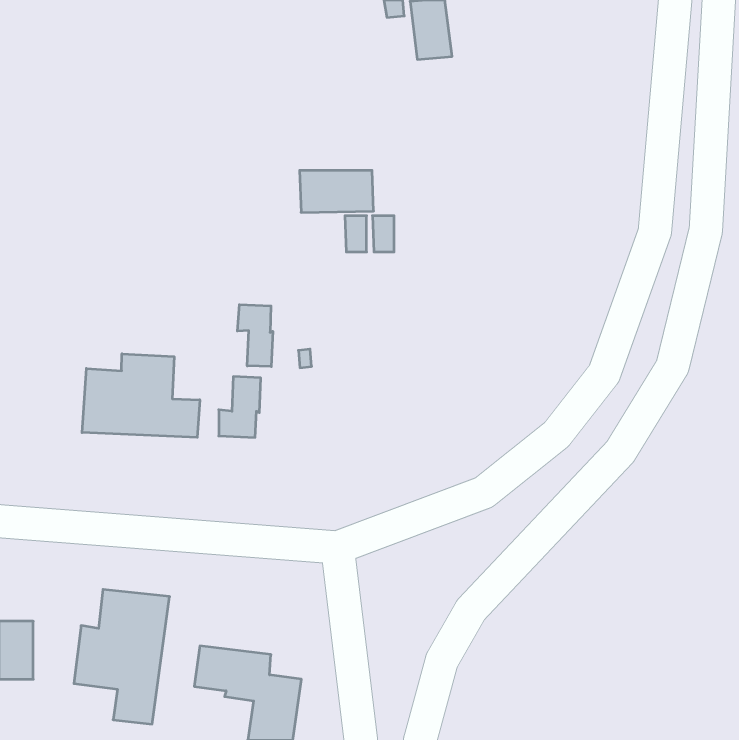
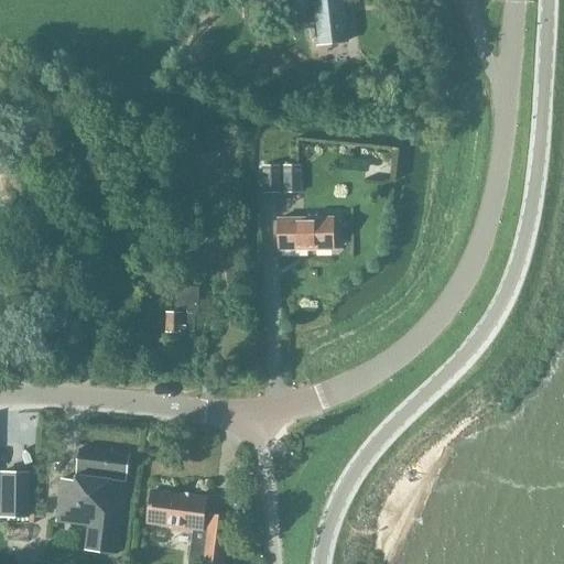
building: [300,170,374,212] -> [278,218,334,250]
building: [237,305,273,367] -> none
building: [82,354,200,437] -> none

